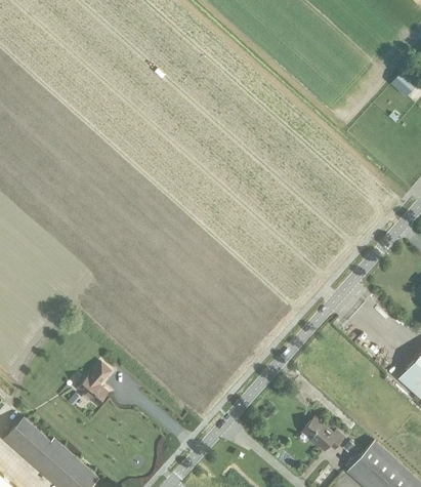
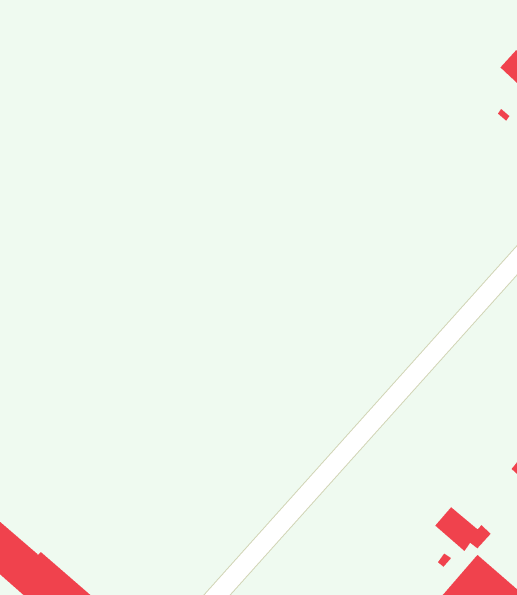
building: [77,363,111,405] -> none
building: [302,419,344,453] -> [434,506,491,552]

